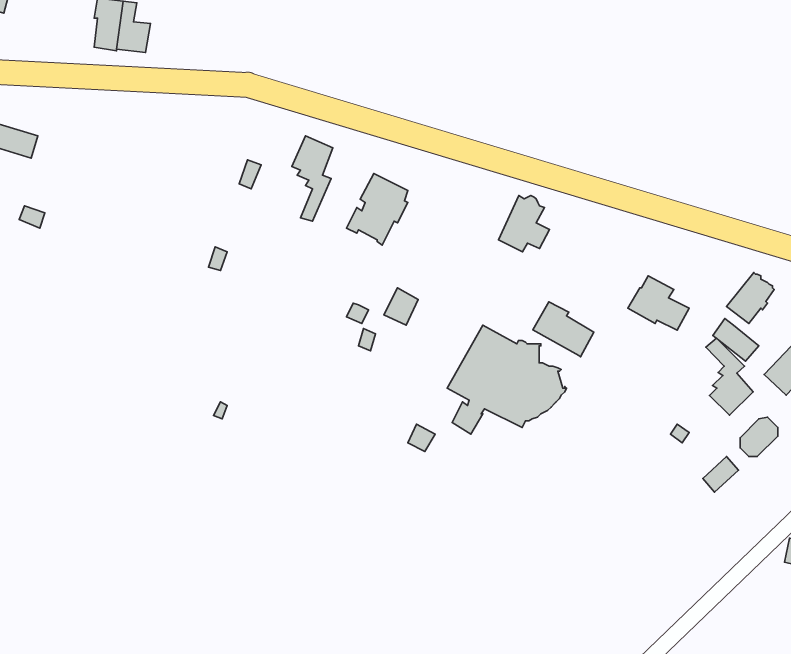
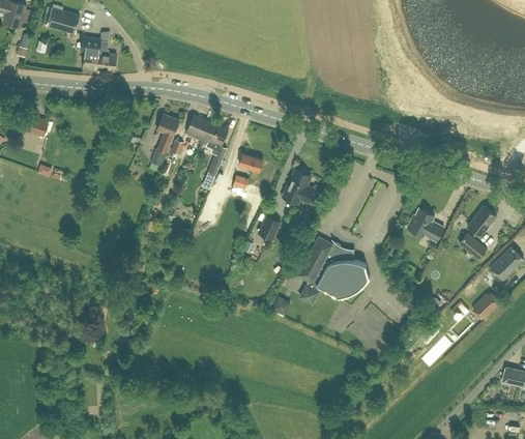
building: none -> [149,113,178,167]
building: none -> [184,114,210,141]
building: [499,196,550,252] -> [283,168,314,202]
building: [533,302,594,357] -> none
building: [706,338,753,415] -> none

